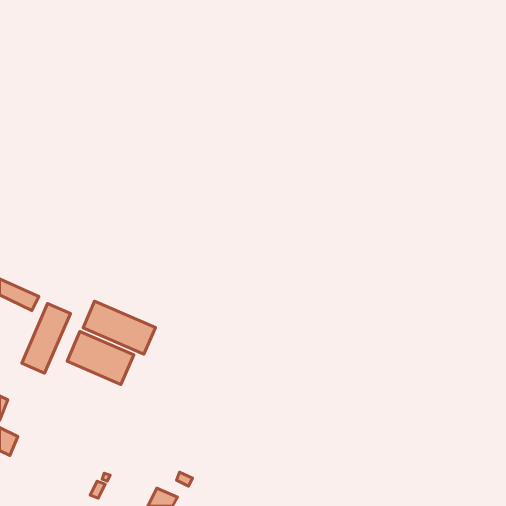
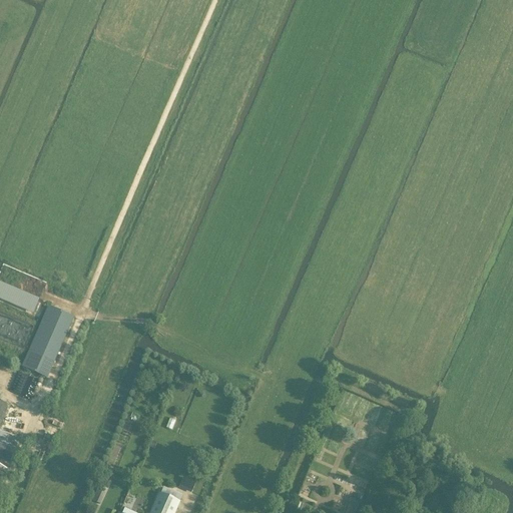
building: [83,301,156,354] -> none
building: [67,332,134,385] -> none

